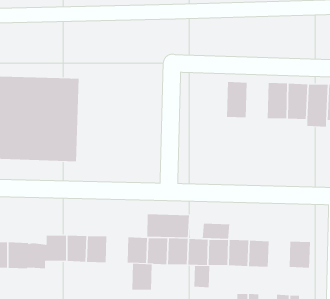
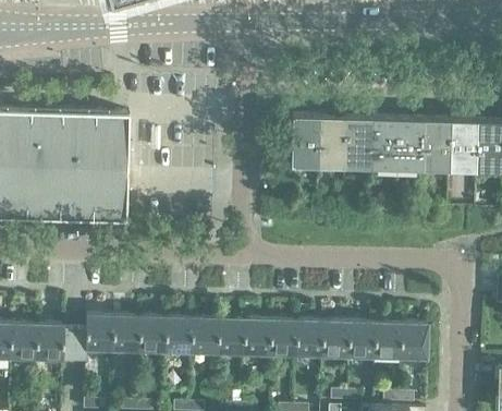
building: none -> [291,118,319,165]
building: none -> [344,120,371,167]
building: [147,214,190,238] -> none
building: [202,223,230,239] -> none
building: none -> [372,325,400,359]
building: [131,263,153,290] -> [163,318,191,353]
building: [194,265,210,288] -> none

